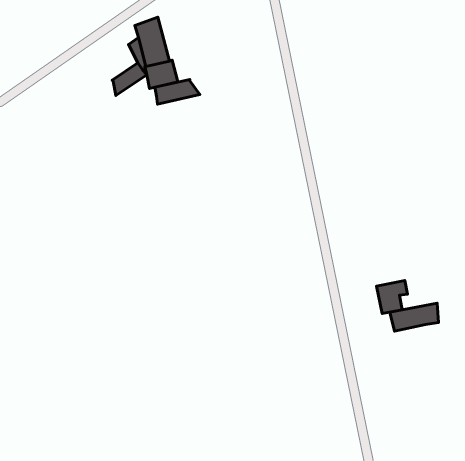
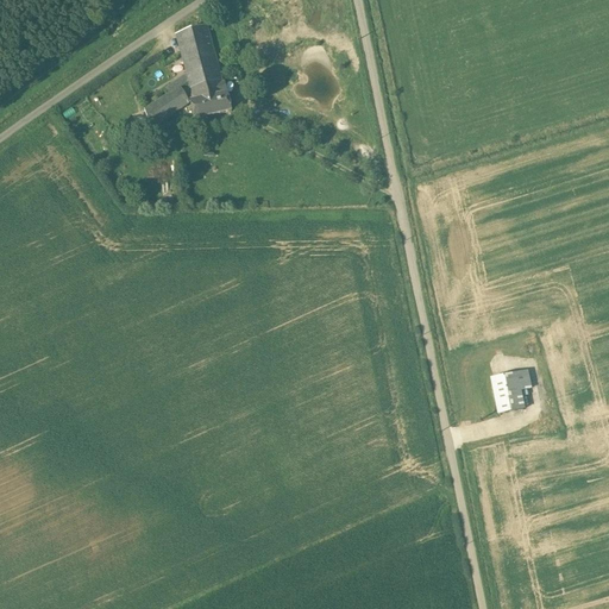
building: [155,79,200,104] -> none
building: [390,303,439,331] -> none

